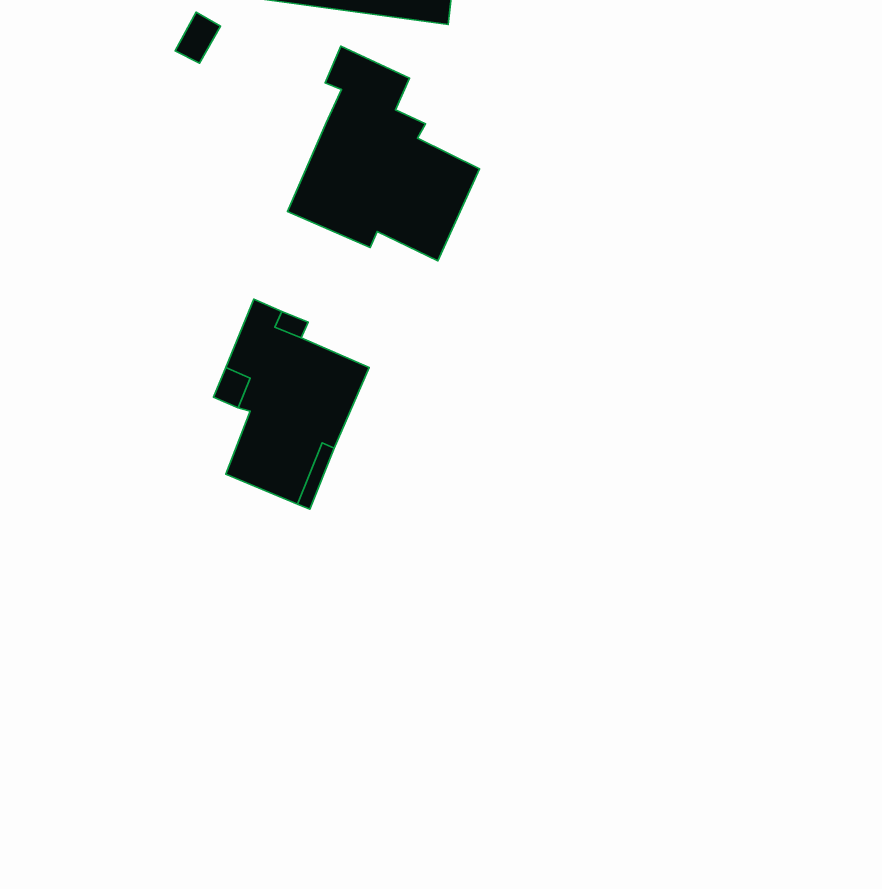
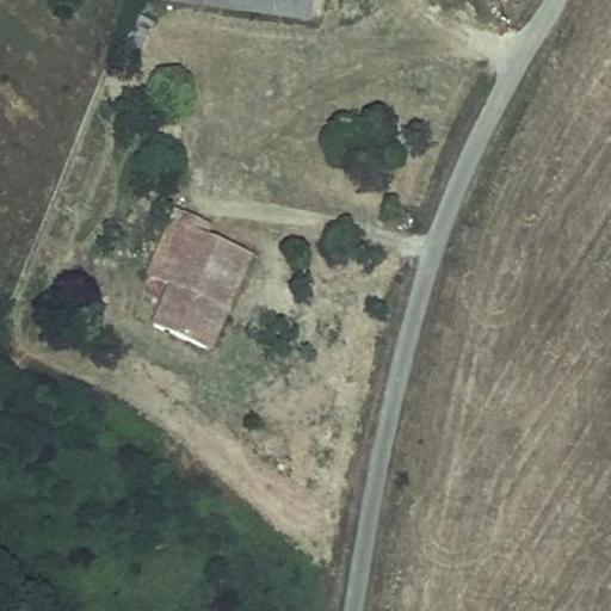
building: [288,46,479,261] -> none

